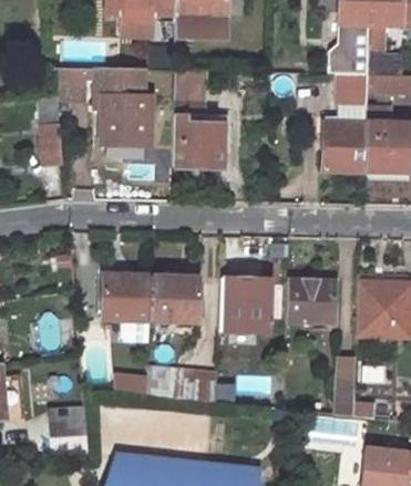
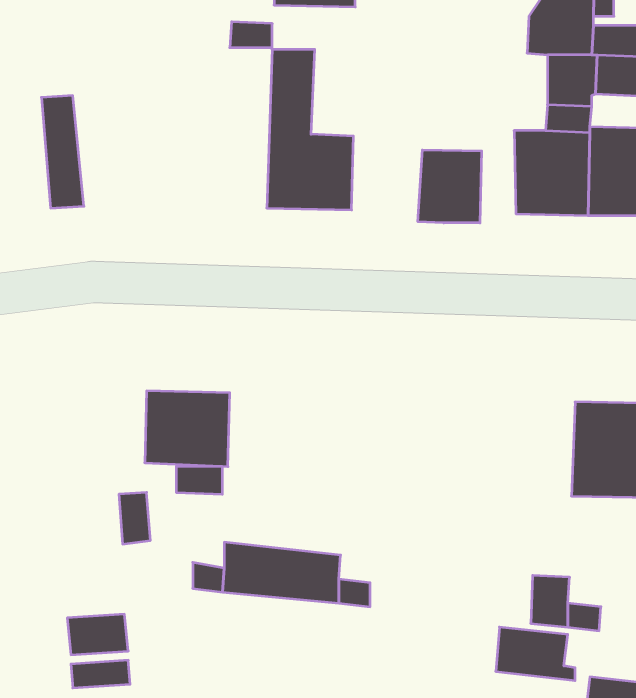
building: [55,65,153,145] -> none
building: none -> [418,150,482,223]
building: [151,275,198,320] -> none
building: [219,277,269,331] -> none
building: [288,279,336,320] -> none

